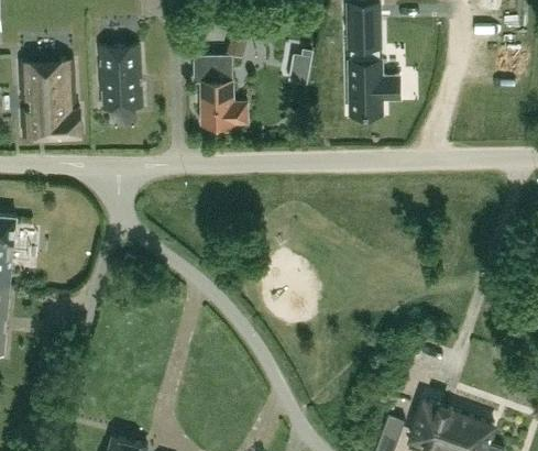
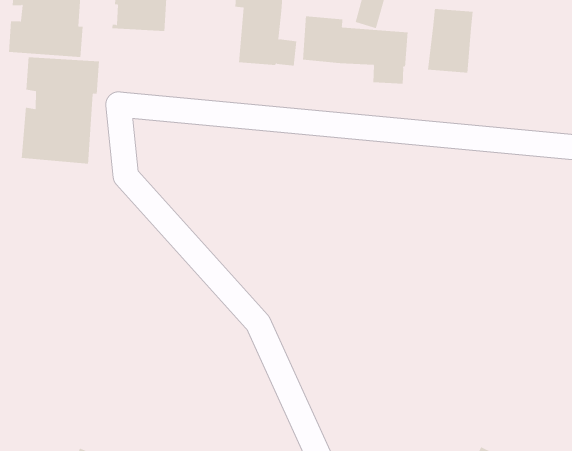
building: none -> [302,15,408,84]
building: none -> [21,57,100,164]

